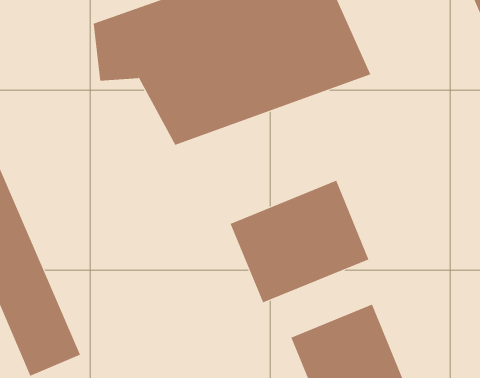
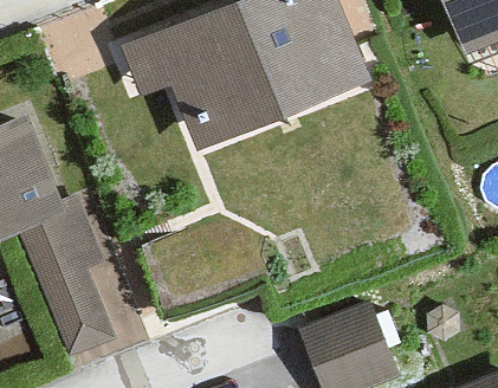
building: [230,180,369,303] -> none

